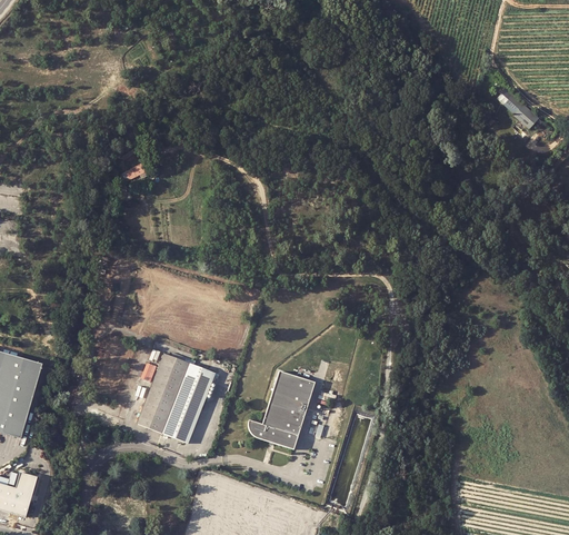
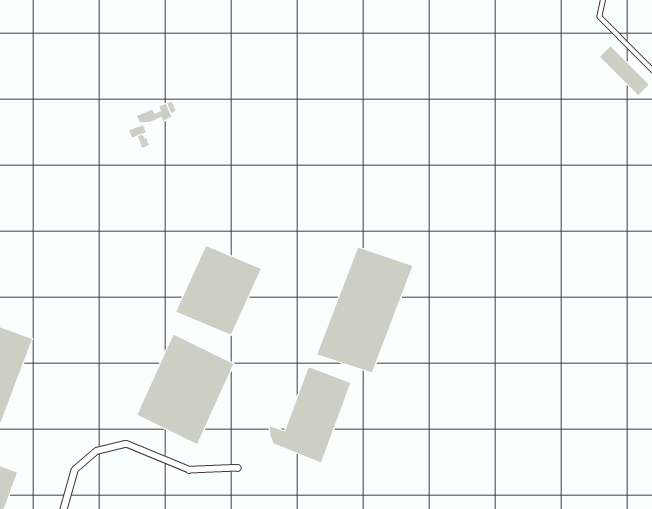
building: none -> [317,247,413,373]
building: none -> [176,245,261,335]

